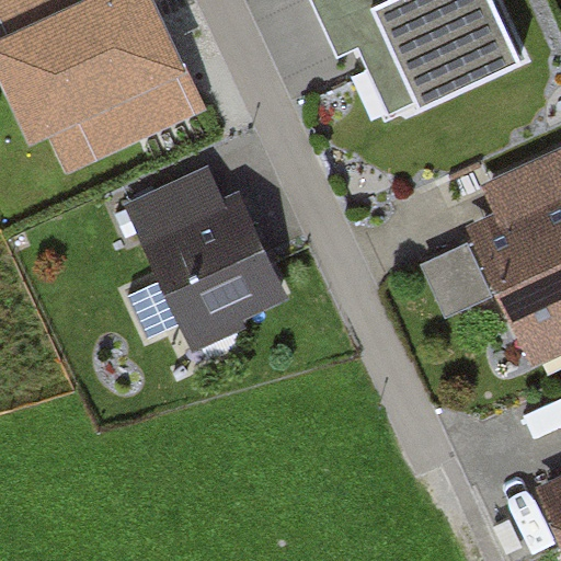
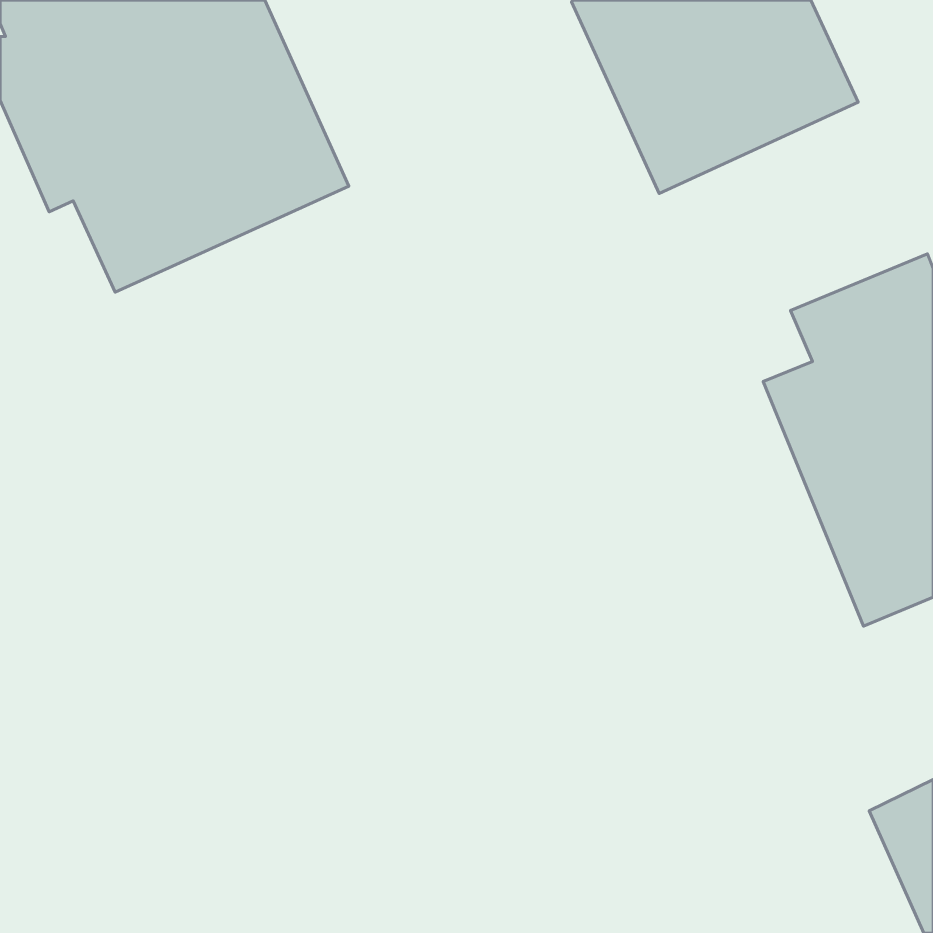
building: [121,167,287,343] -> none

